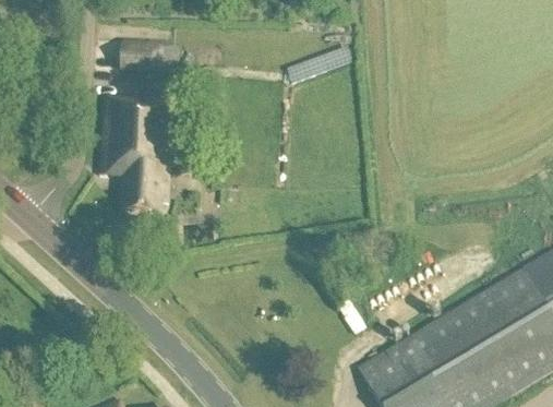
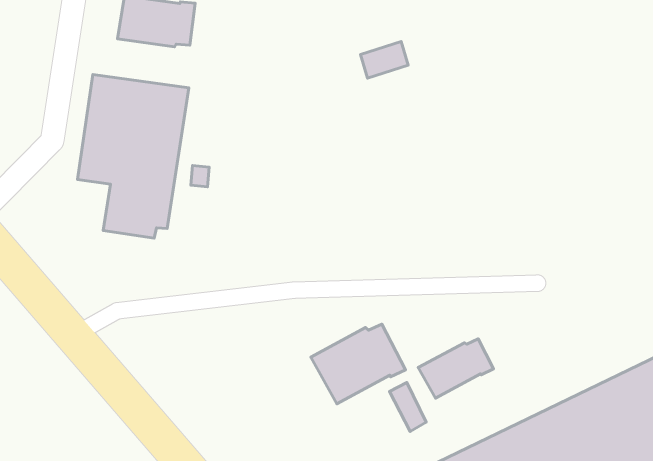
building: none -> [311,324,405,404]
building: none -> [418,339,493,398]

